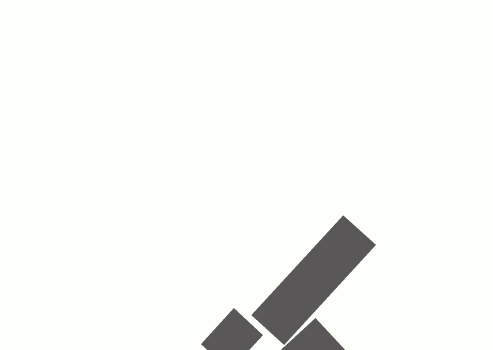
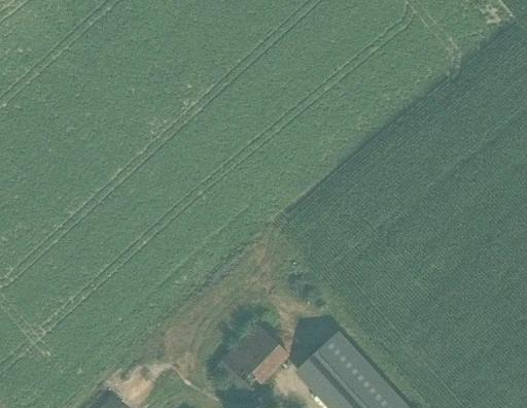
building: [251,214,377,346] -> none

